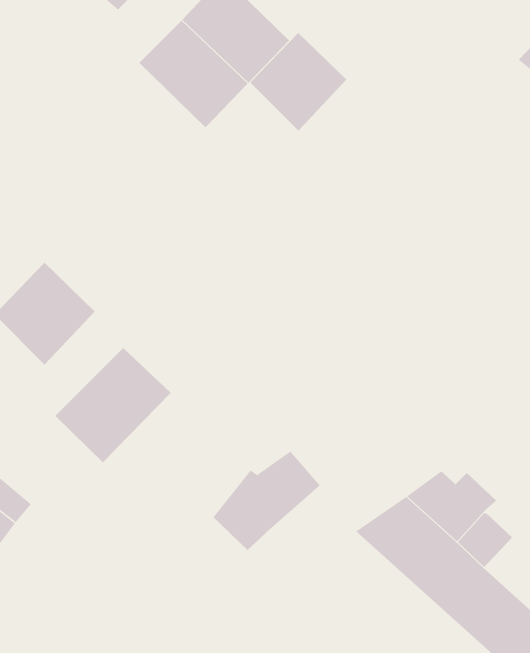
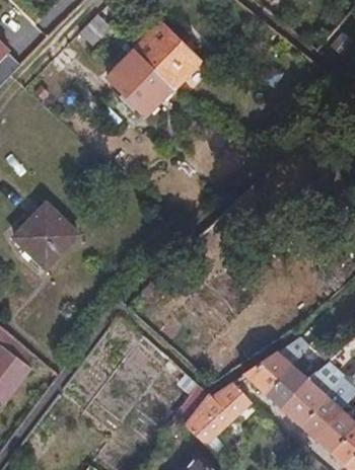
building: [249,32,347,131] -> none
building: [55,347,171,463] -> none
building: [212,450,321,551] -> [182,382,251,446]

